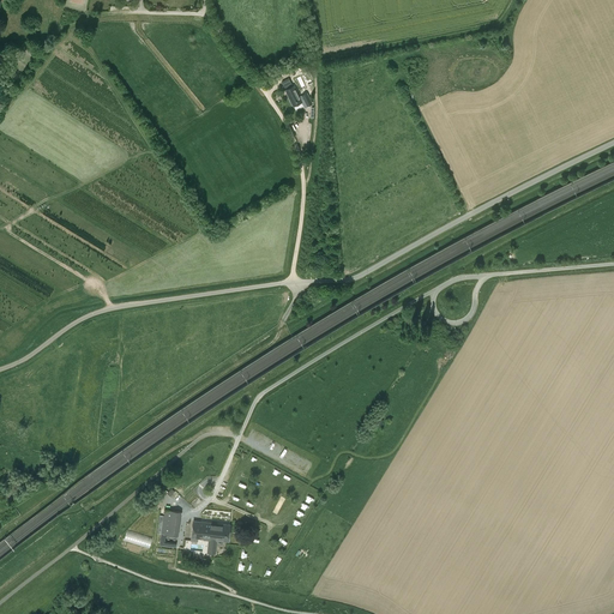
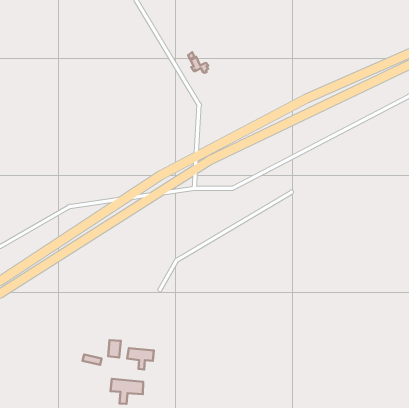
building: none -> [111,379,143,404]

